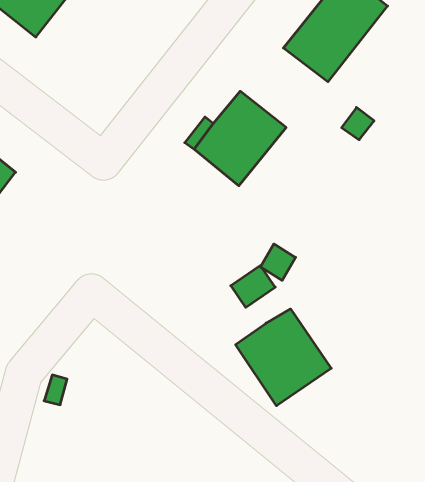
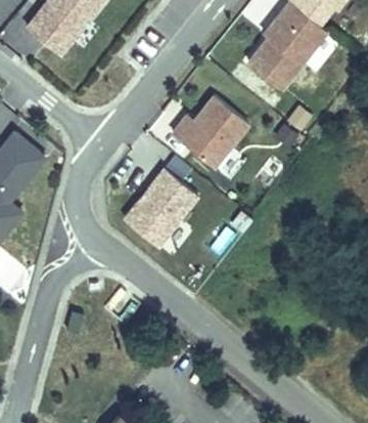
building: none -> [125,167,198,244]
building: [236,309,331,406] -> none

